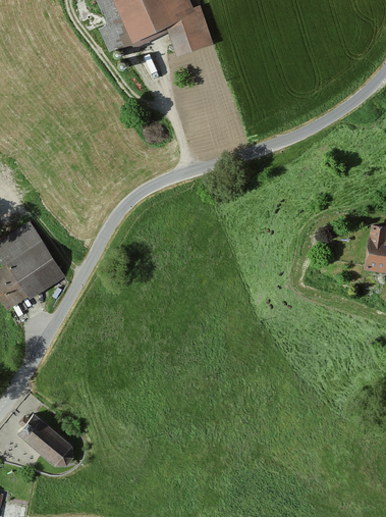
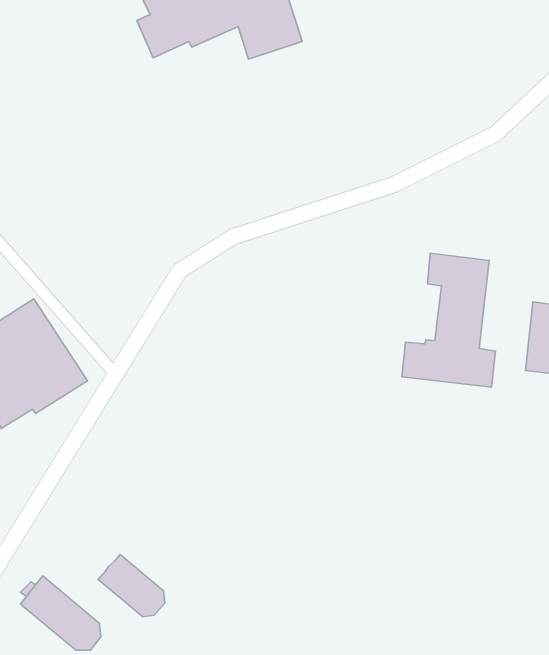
building: none -> [402,253,496,387]
building: none -> [98,554,165,617]

